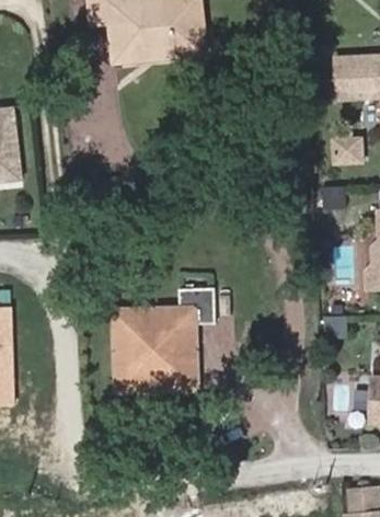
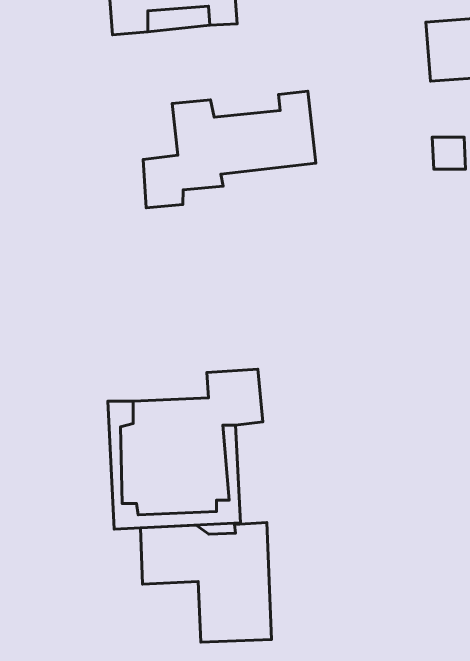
building: none -> [143,91,316,208]
building: none -> [141,523,272,642]

